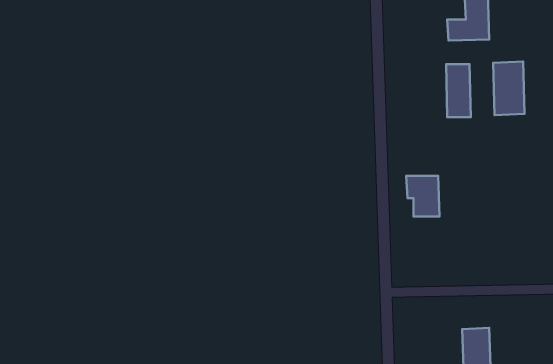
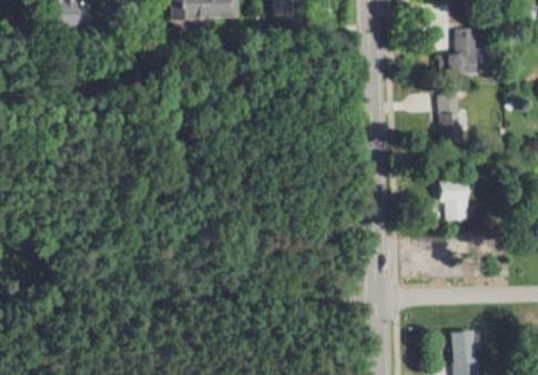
building: [493,61,524,115] -> none
building: [406,176,440,217] -> [439,183,469,220]

